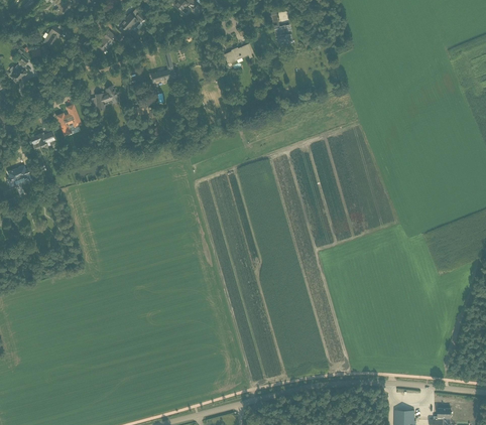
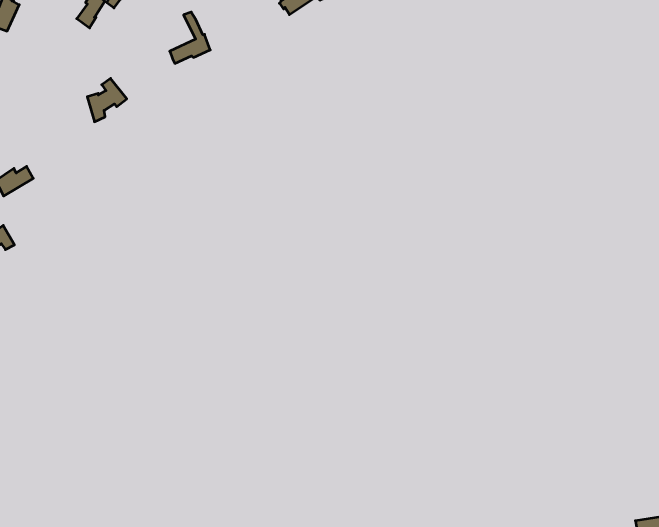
building: [56,105,81,135] -> none

